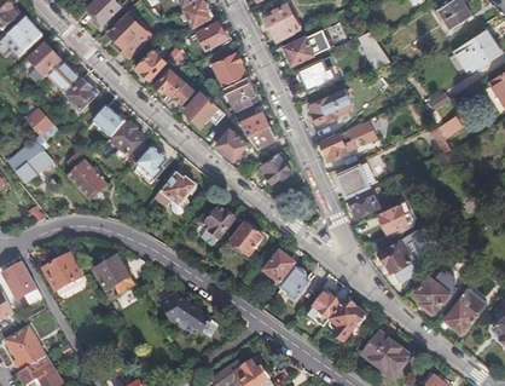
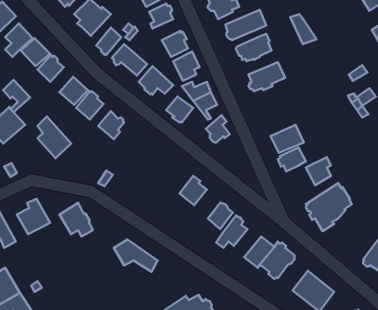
building: [318,119,375,159] -> none
building: [152,173,196,214] -> none
building: [197,206,233,247] -> none
building: [414,269,455,311] -> none

